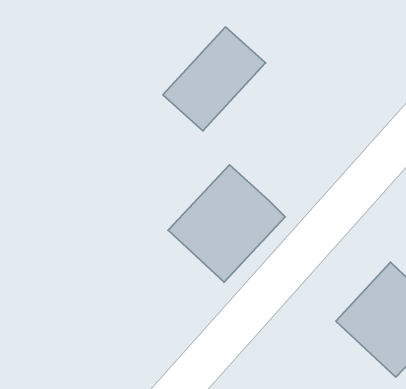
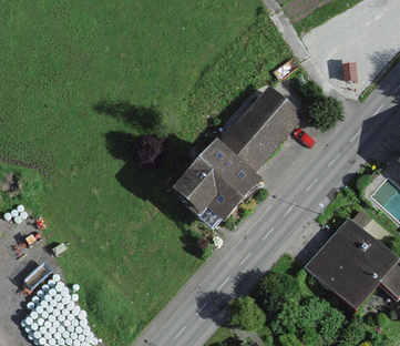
building: [163,27,266,131] -> [218,81,304,167]

